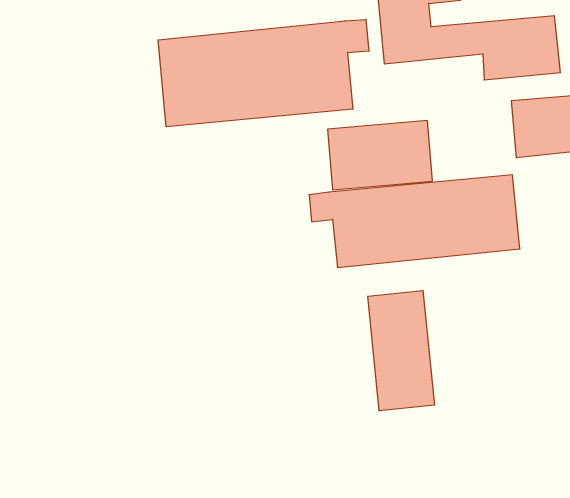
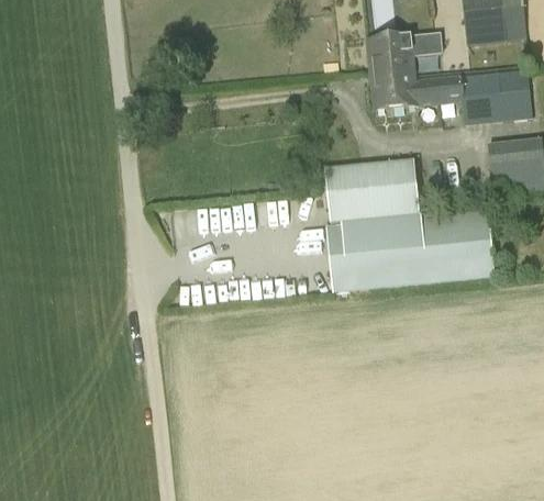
building: [158,19,369,127] -> none
building: [368,290,434,411] -> none

